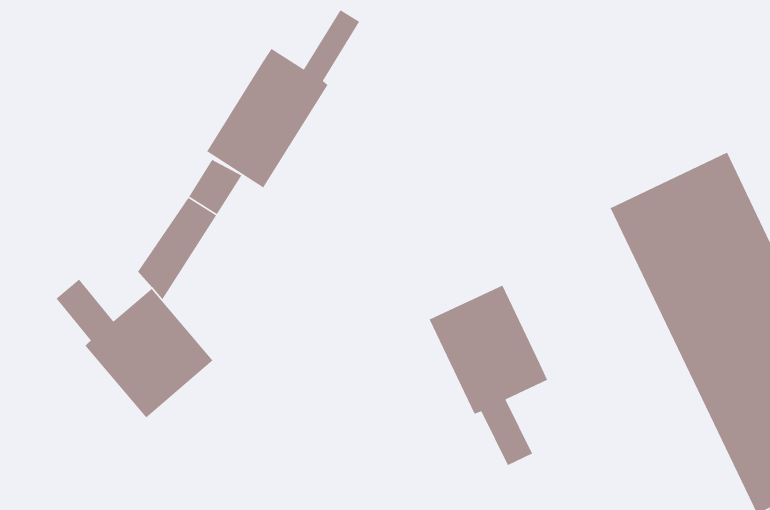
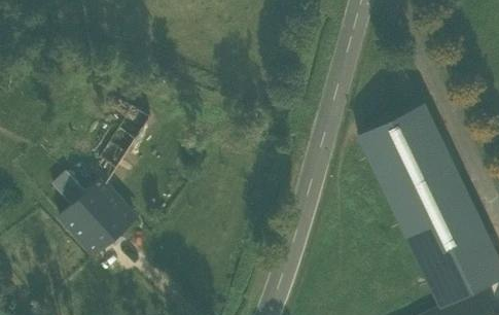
building: [206,9,360,189] -> none
building: [429,285,548,466] -> none

